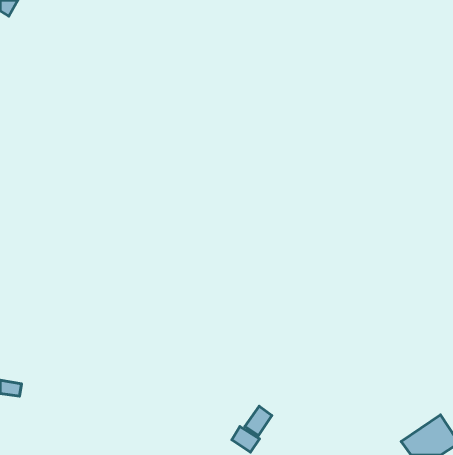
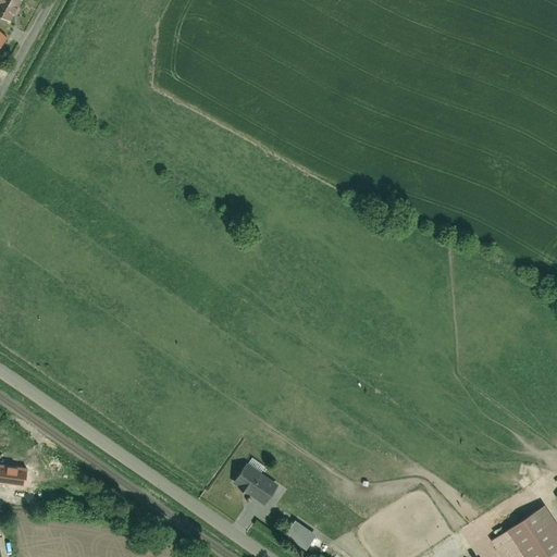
building: none -> [236,466,275,503]
building: [245,406,272,435] -> none

